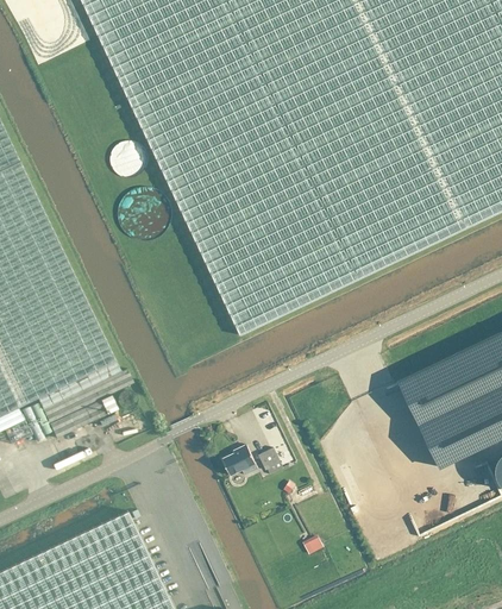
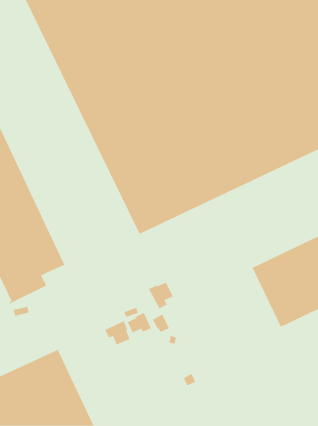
building: none -> [148,282,174,310]
building: none -> [104,320,131,346]

